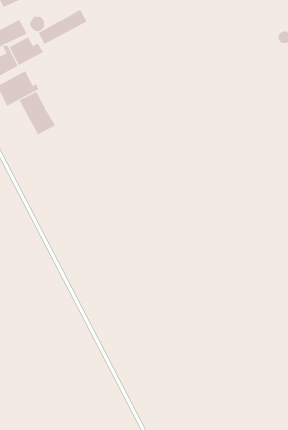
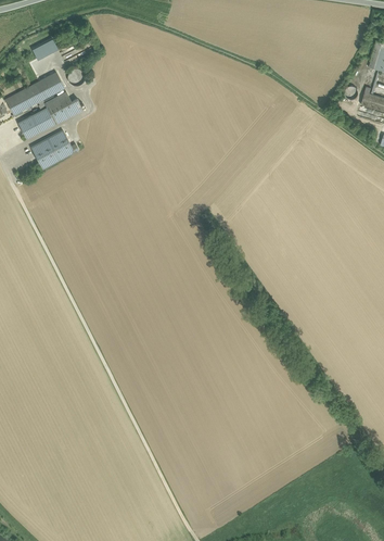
building: [38,9,87,45] -> none
building: [19,91,56,135] -> none

